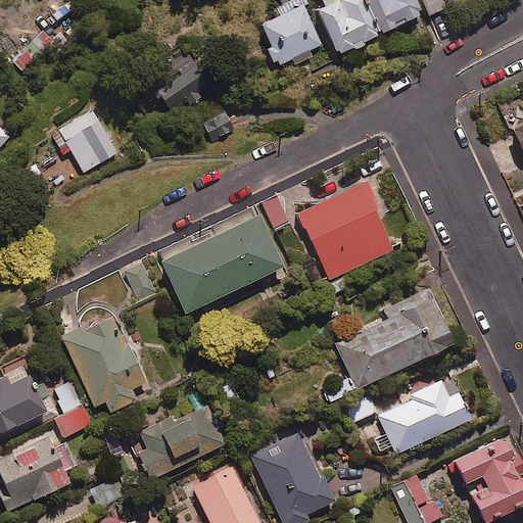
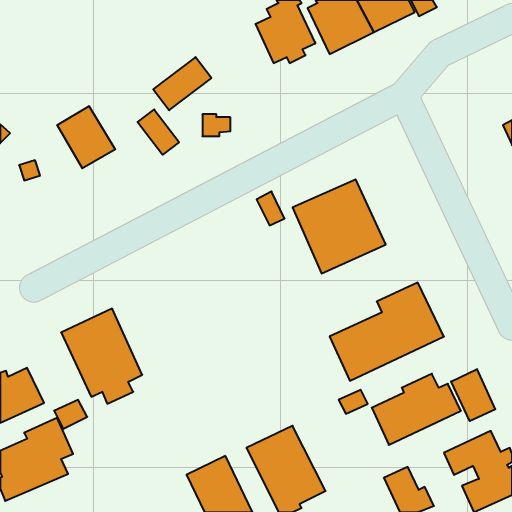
building: none -> [138,109,179,155]
building: [160,215,282,313] -> none
building: none -> [451,369,495,421]
building: [138,408,224,479] -> none

